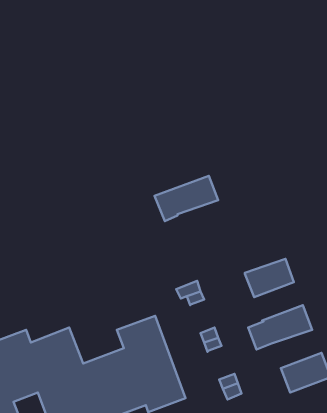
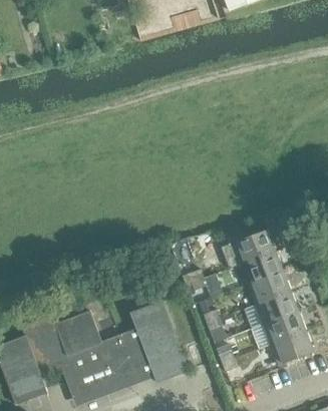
building: [154,176,218,221] -> [220,230,275,269]
building: none -> [248,271,290,304]
building: none -> [263,312,306,345]

